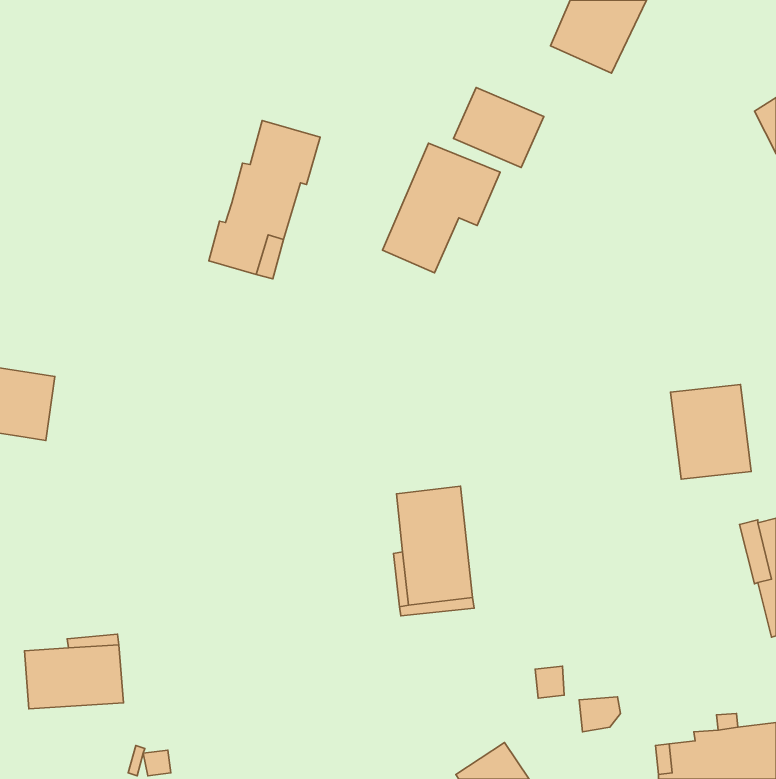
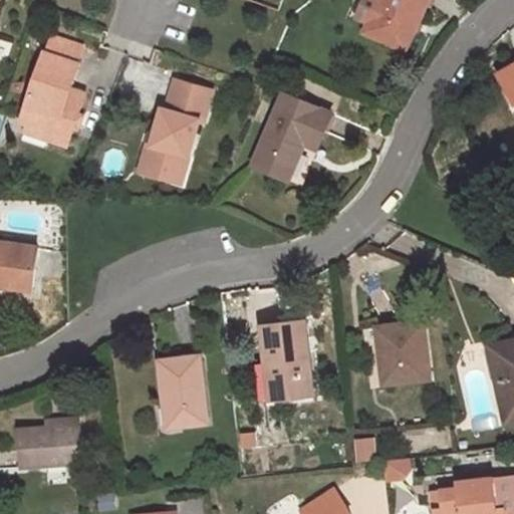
building: none -> [18,37,83,146]
building: [454,88,544,168] -> none
building: [670,385,751,479] -> [374,321,428,383]
building: none -> [158,356,205,428]

